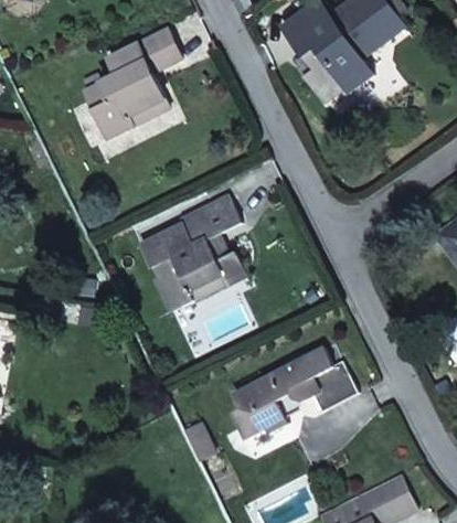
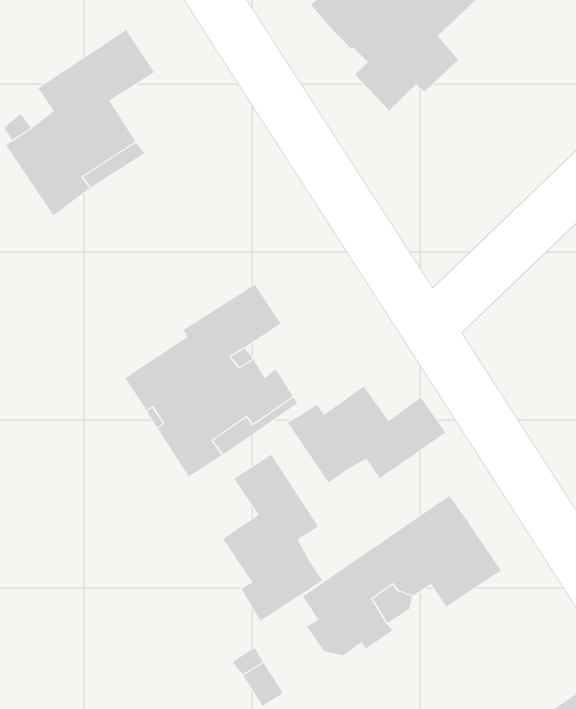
building: none -> [287,386,446,483]
building: none -> [222,454,323,621]

